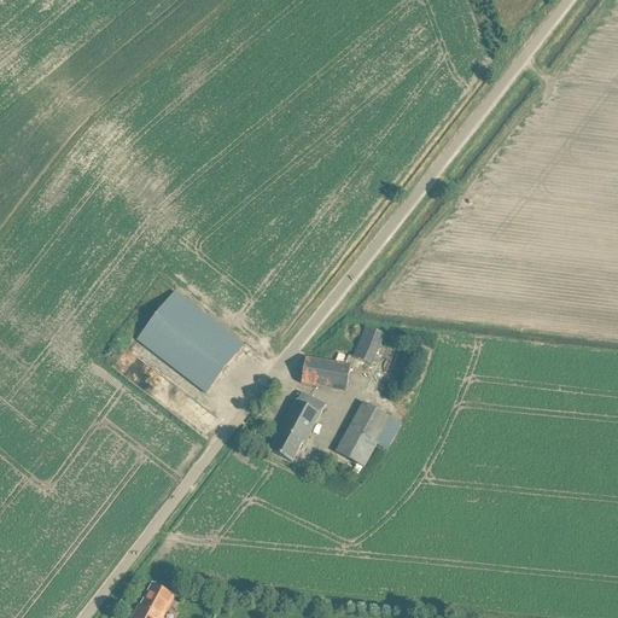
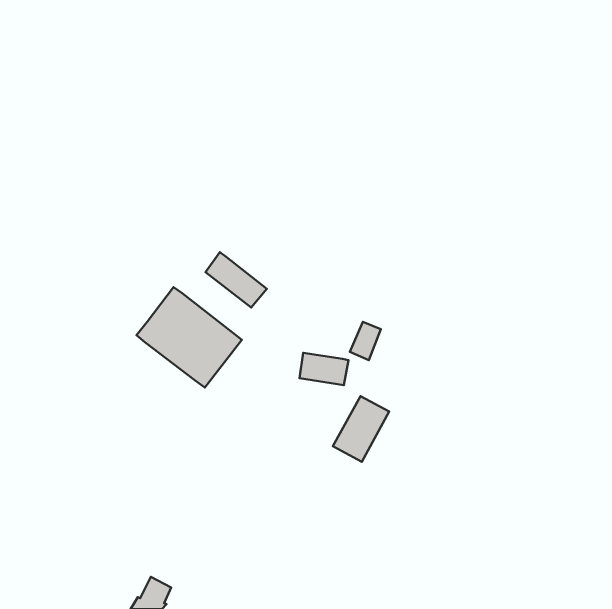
building: none -> [205,252,267,308]
building: [270,391,325,460] -> none

